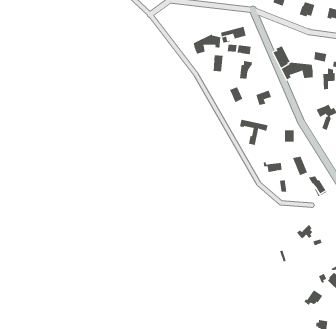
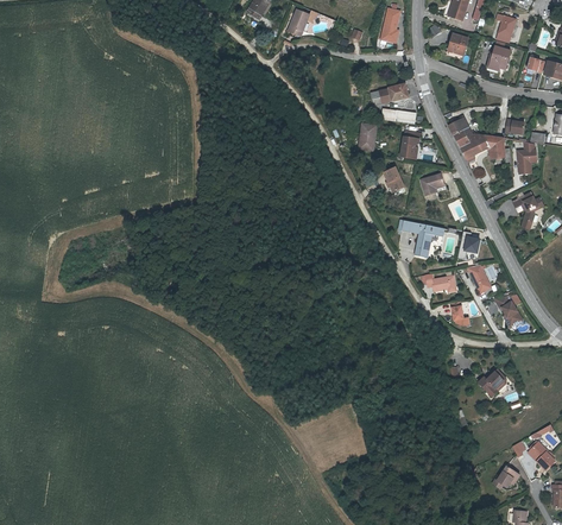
building: [193,34,221,55] -> none

